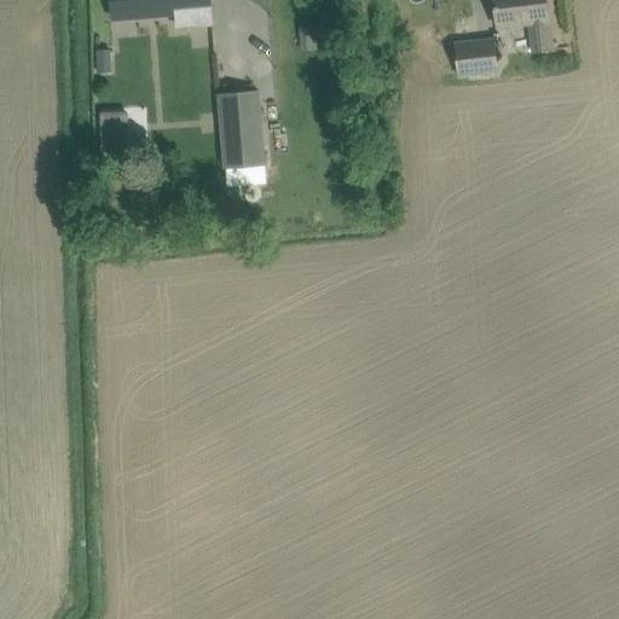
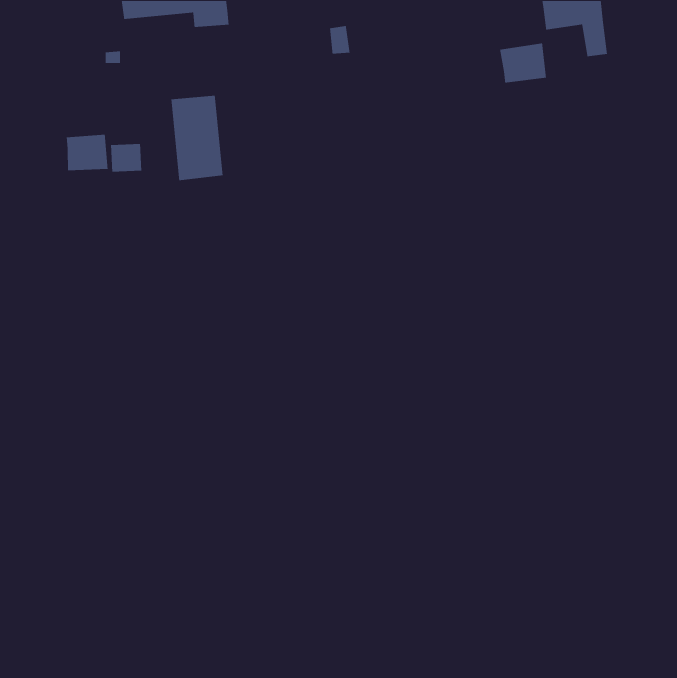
building: [216,91,265,169] -> [170,95,223,181]
building: none -> [66,134,109,171]

